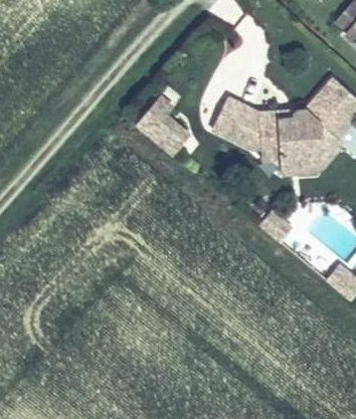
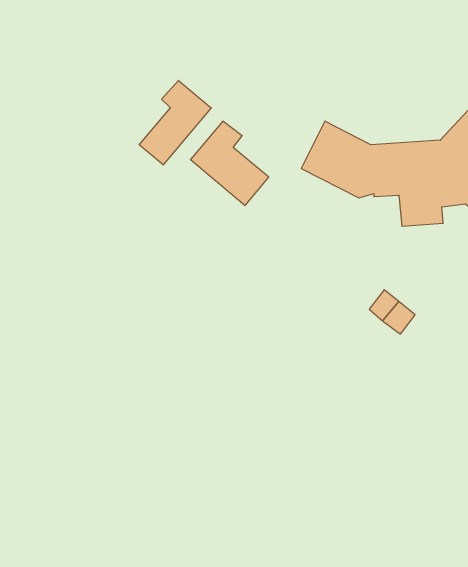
building: none -> [139,80,211,165]

